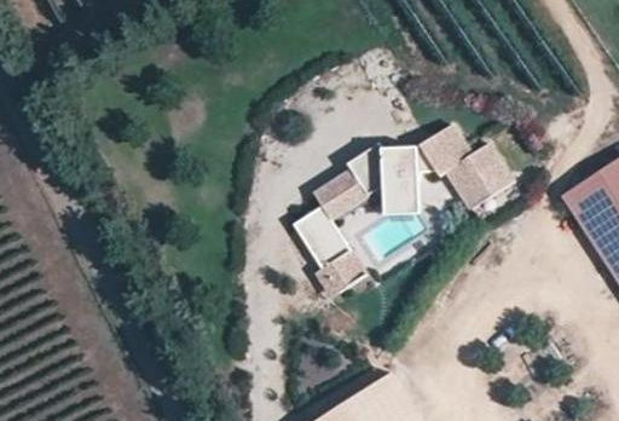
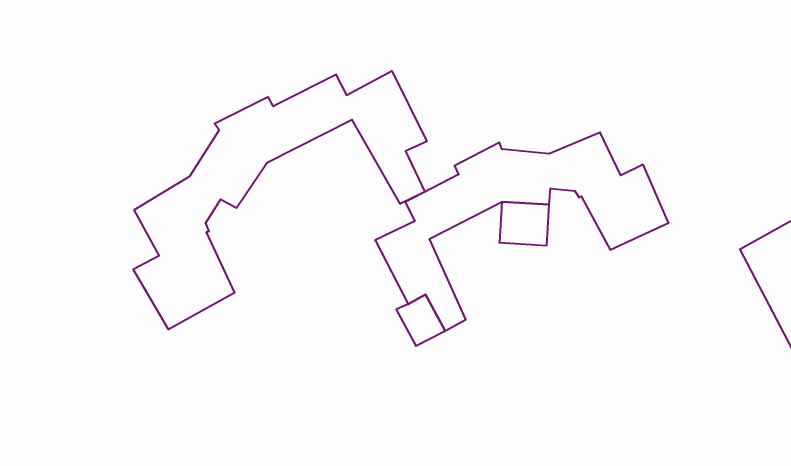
building: none -> [133,71,427,329]

